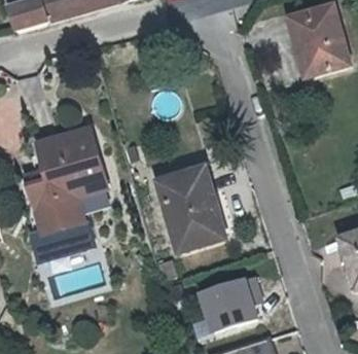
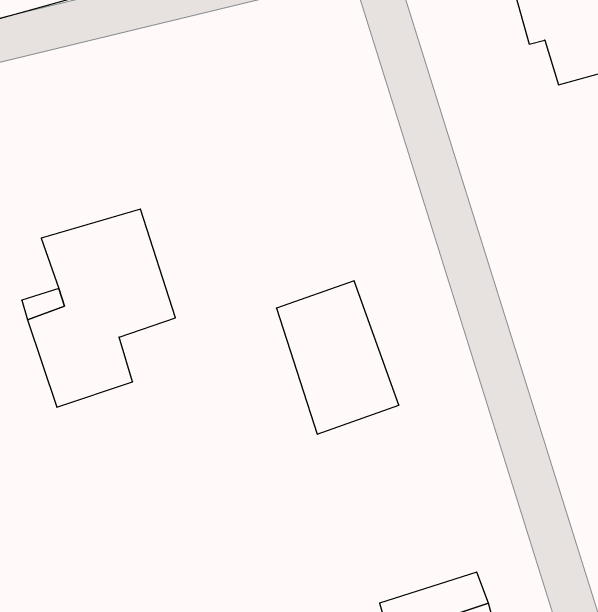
building: [202,275,264,328] -> none

